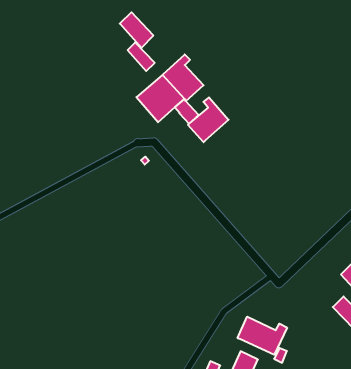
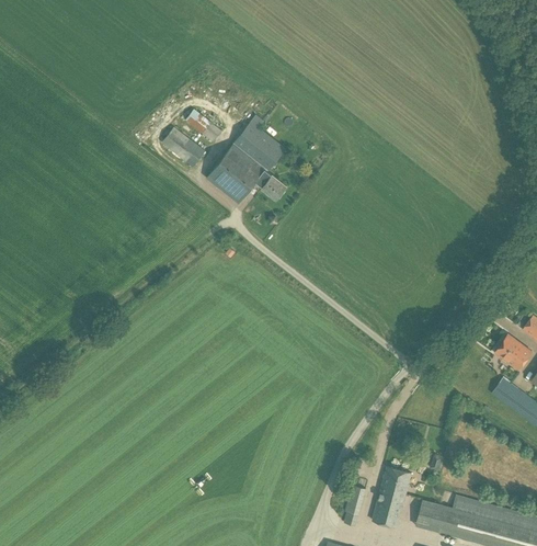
building: [120,12,153,48] -> [161,127,205,169]
building: [188,97,229,142] -> none
building: [238,317,287,355] -> none

